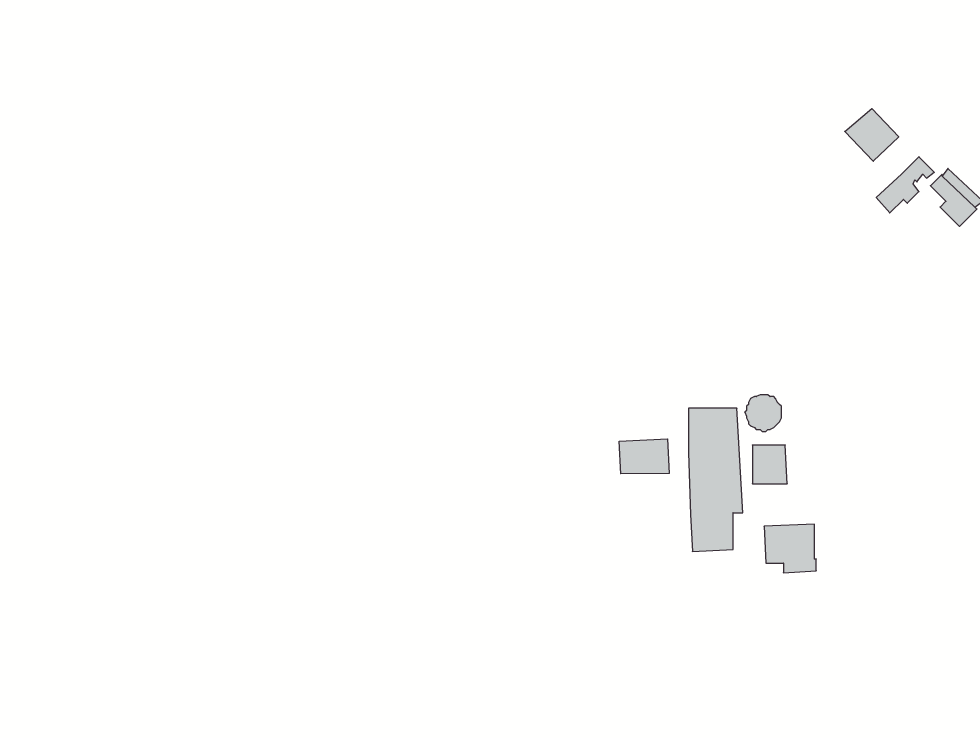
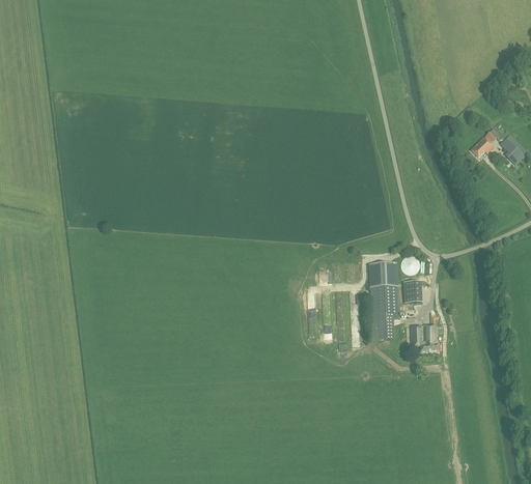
building: [845,109,899,161] -> none
building: [619,439,669,474] -> none

